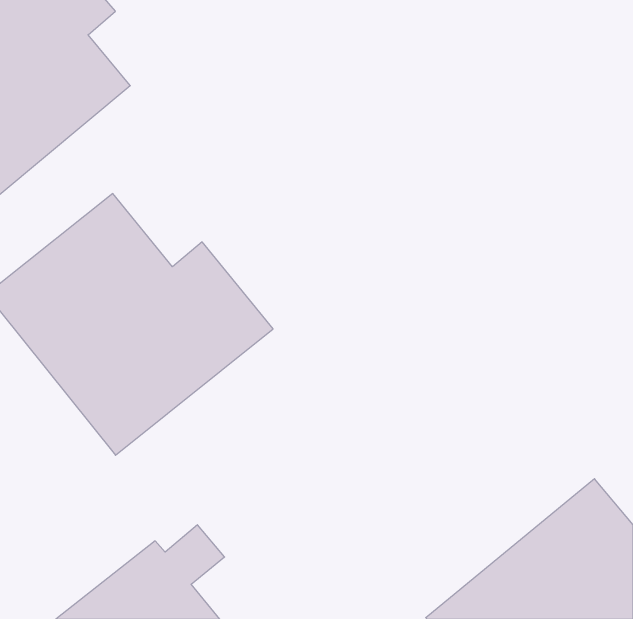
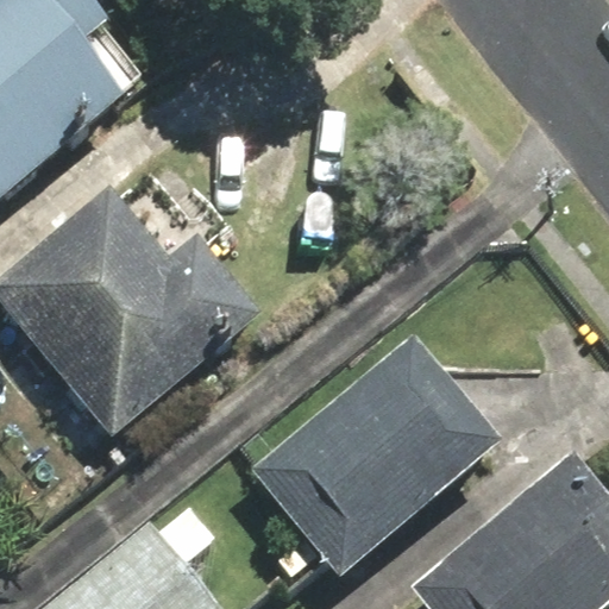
building: none -> [252,341,500,578]

